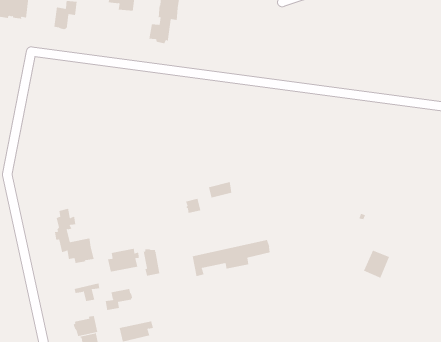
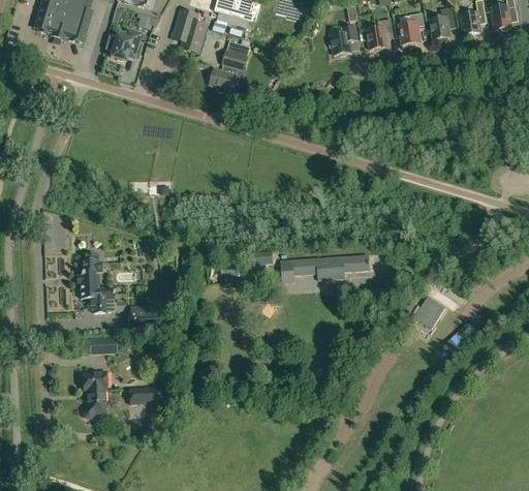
building: [192,239,271,277] -> [284,254,370,282]
building: [143,248,160,276] -> none
building: [363,250,390,279] -> [414,296,445,328]
building: [105,288,133,311] -> none

